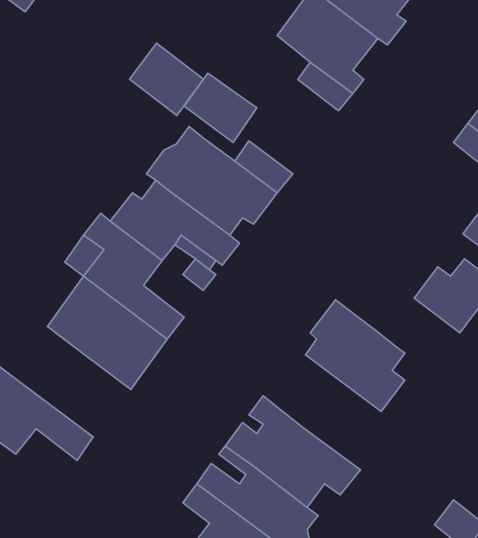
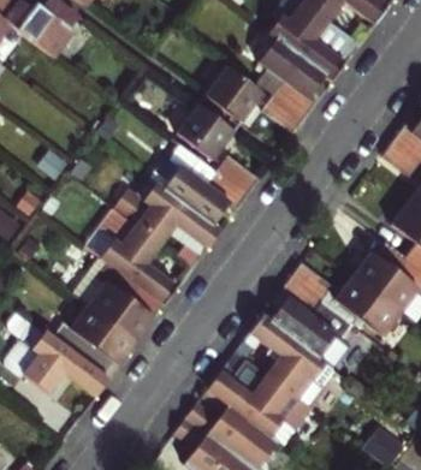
building: [130,43,204,115] -> [202,66,259,121]
building: none -> [291,262,386,326]
building: none -> [49,308,135,377]
building: none -> [250,314,326,406]

